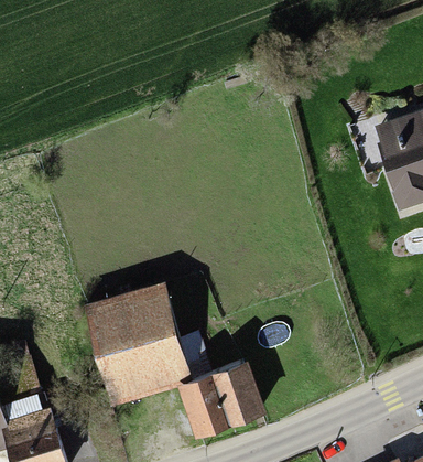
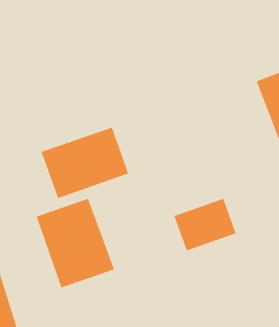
building: none -> [41,127,129,199]
building: [177,364,260,433] -> [173,198,236,251]

